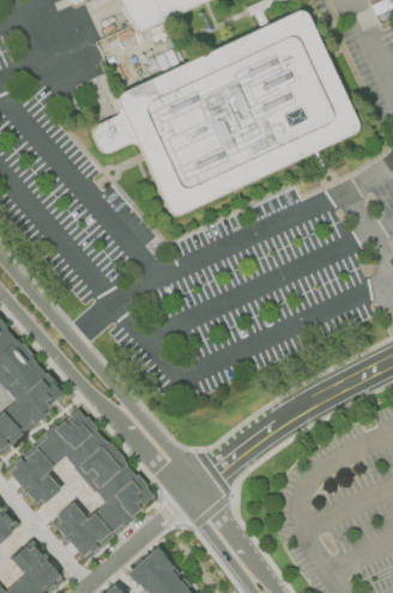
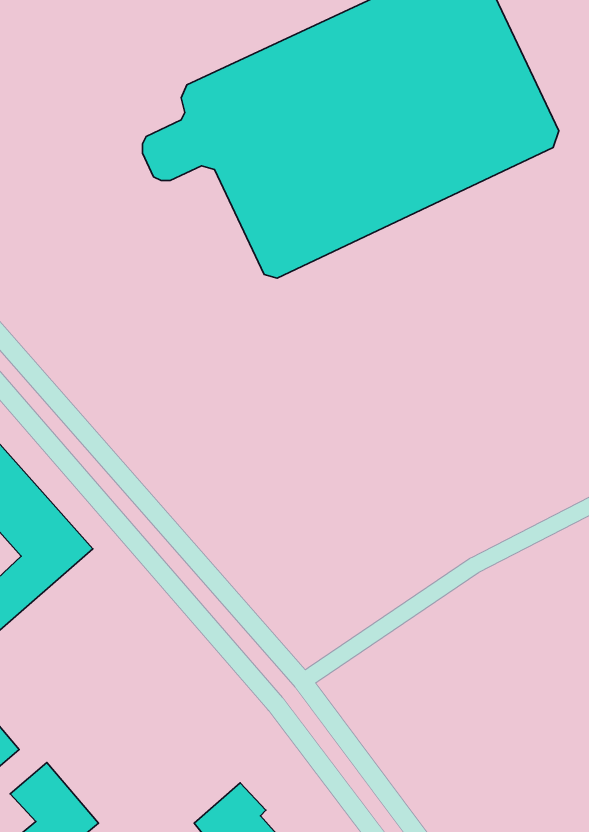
building: [7,409,152,556] -> none

